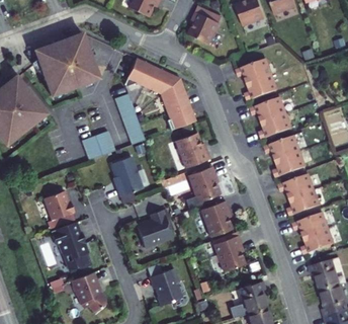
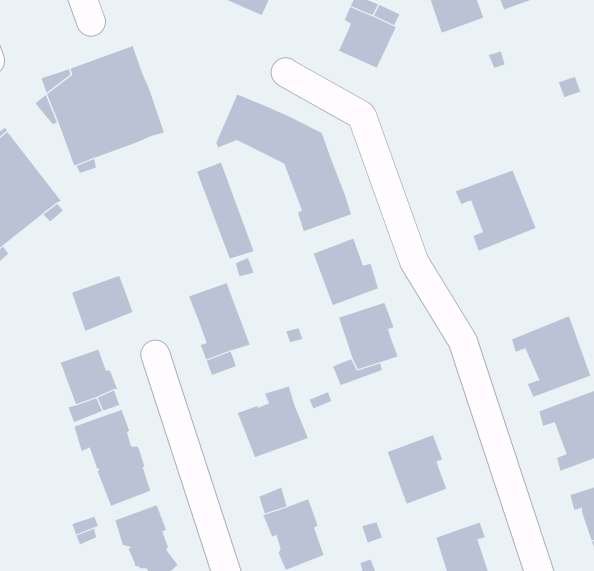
building: [235,59,277,101] -> none
building: [82,131,114,160] -> [71,275,133,332]
building: [264,136,306,177] -> none
building: [200,200,232,237] -> none

